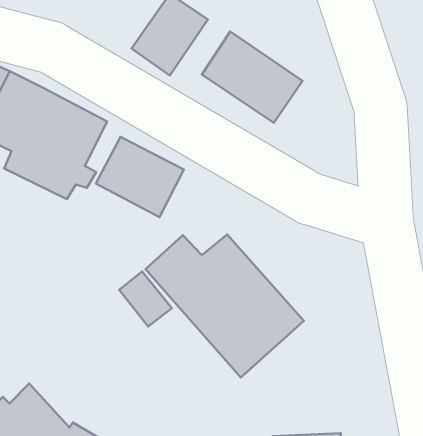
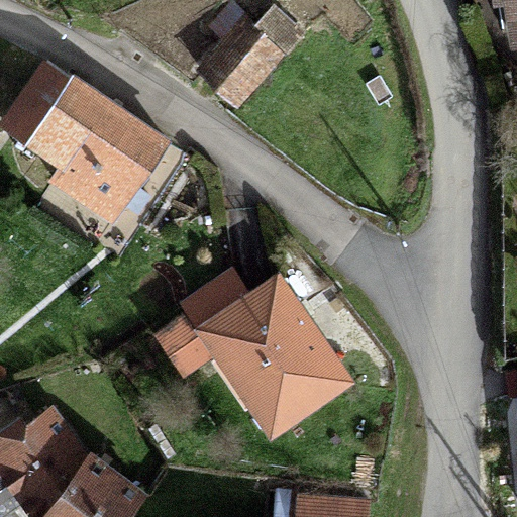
building: [202,31,302,123] -> none
building: [96,137,184,217] -> none

